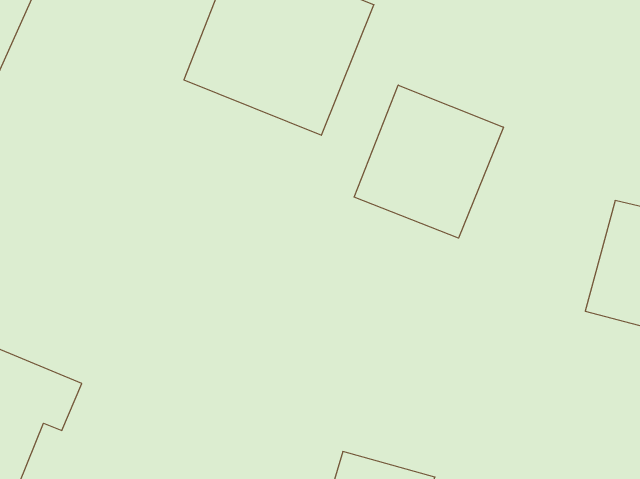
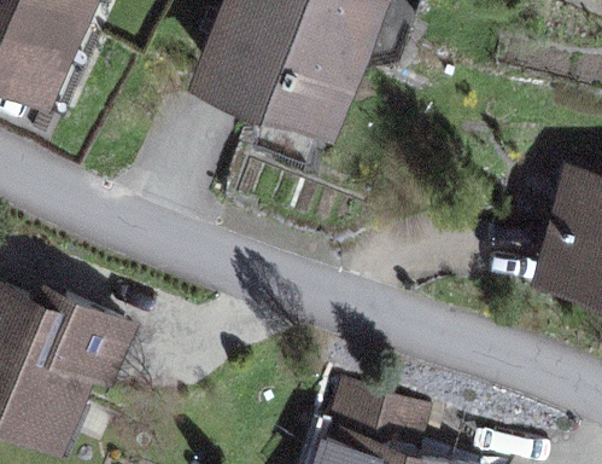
building: [354,85,503,238] -> none

